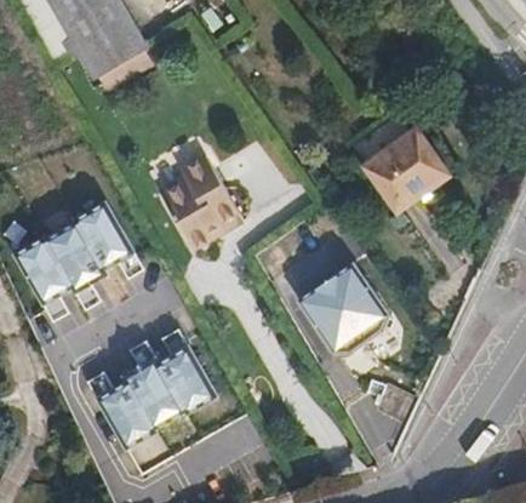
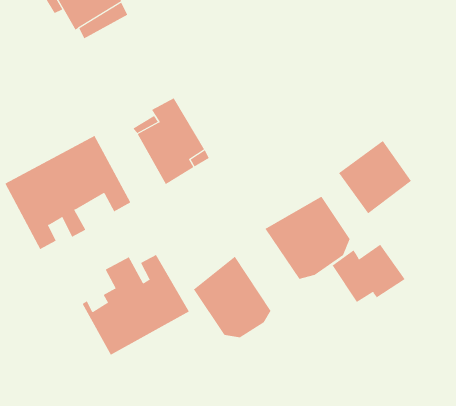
building: [364,126,445,207] -> [338,140,412,214]
building: none -> [332,244,405,303]
building: none -> [193,256,271,338]

